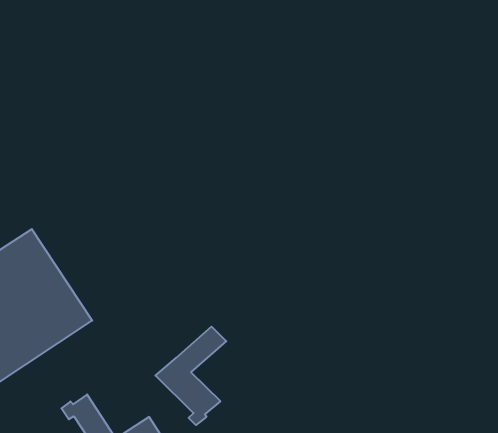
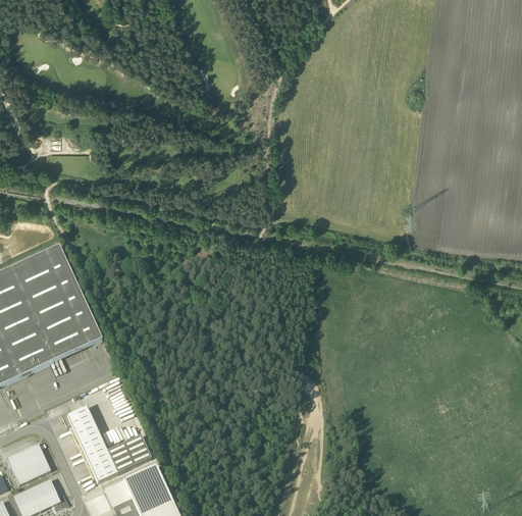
building: [155,327,226,425] -> none

